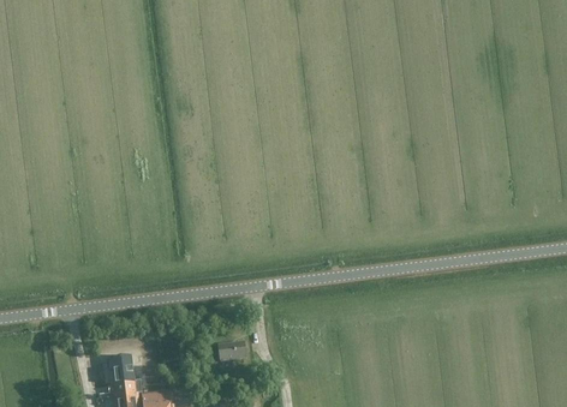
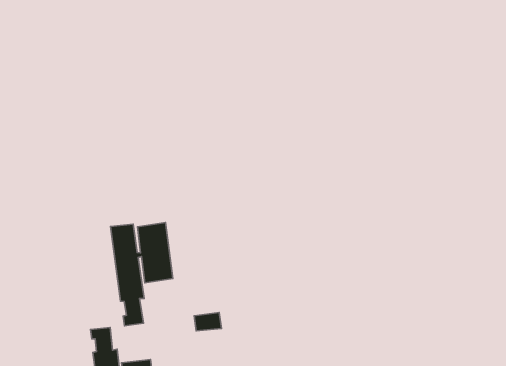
building: none -> [111,223,173,326]

